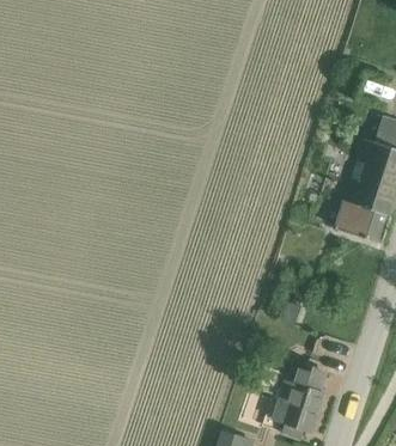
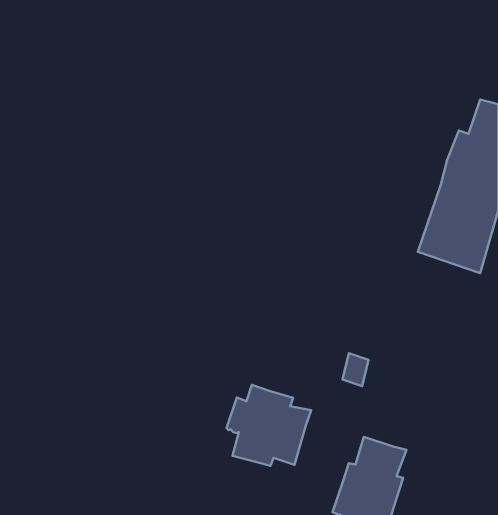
building: none -> [227,385,311,466]

